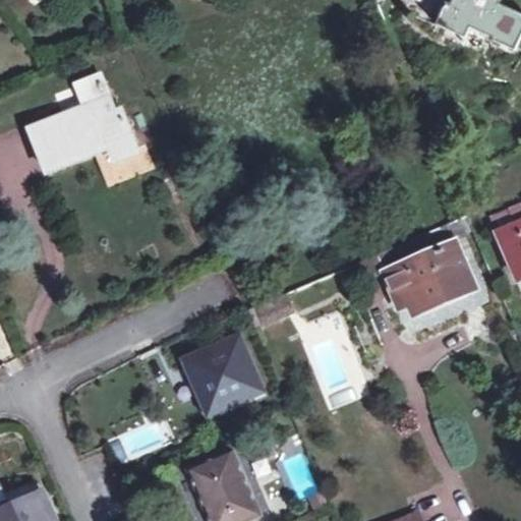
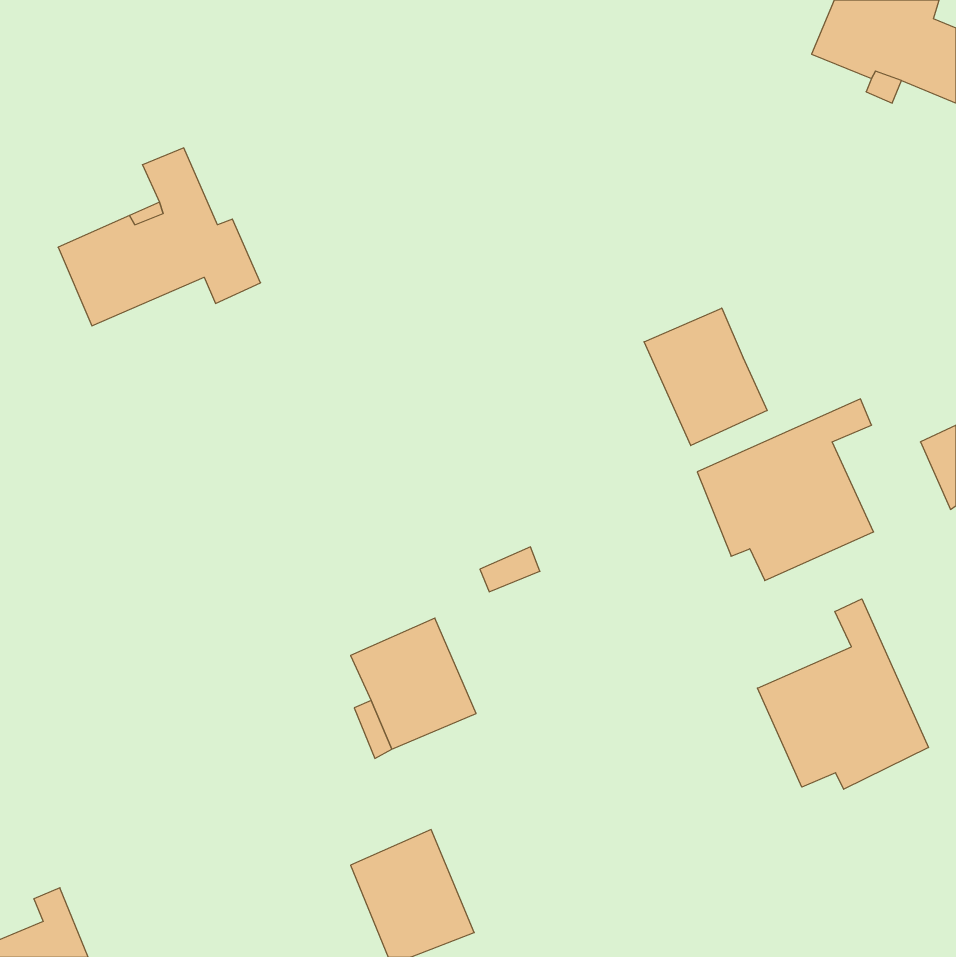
building: none -> [644,308,767,446]
building: none -> [757,599,928,789]

